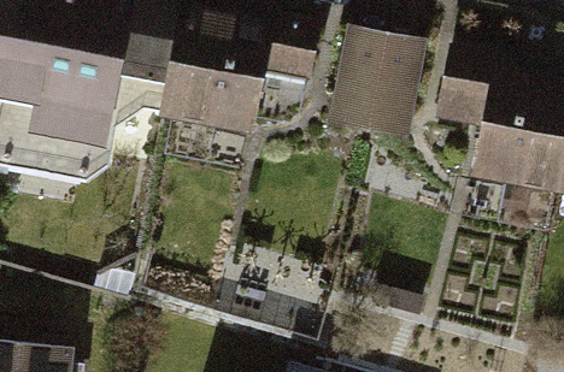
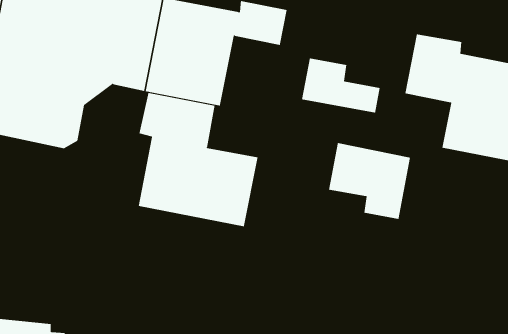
building: [340,28,427,108] -> [328,143,411,220]
building: none -> [138,92,258,227]

